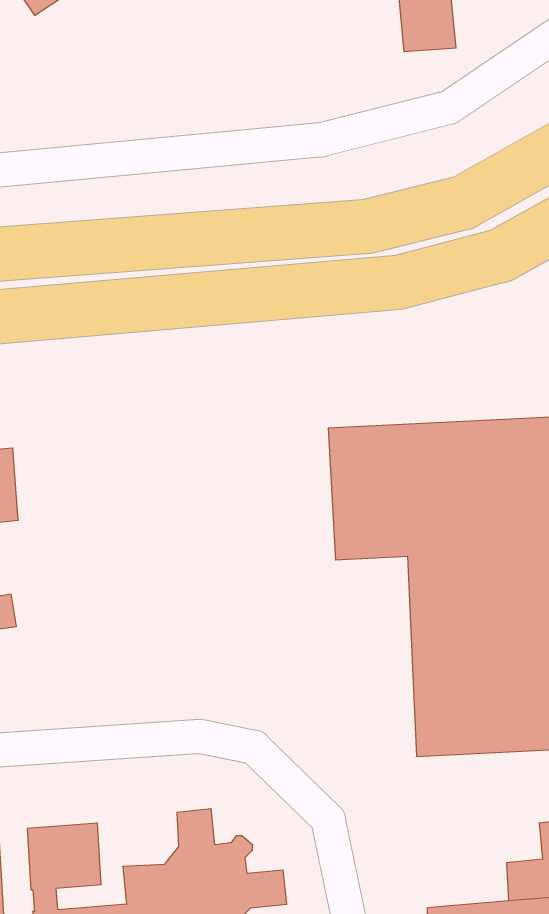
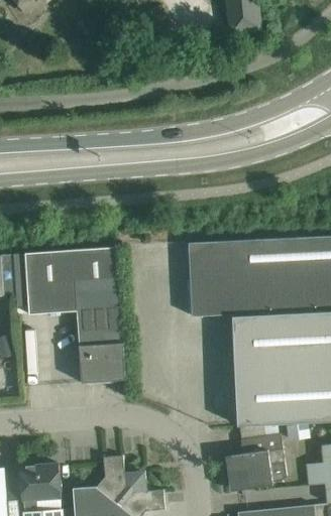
building: none -> [24,246,125,383]
building: none -> [225,434,287,491]

